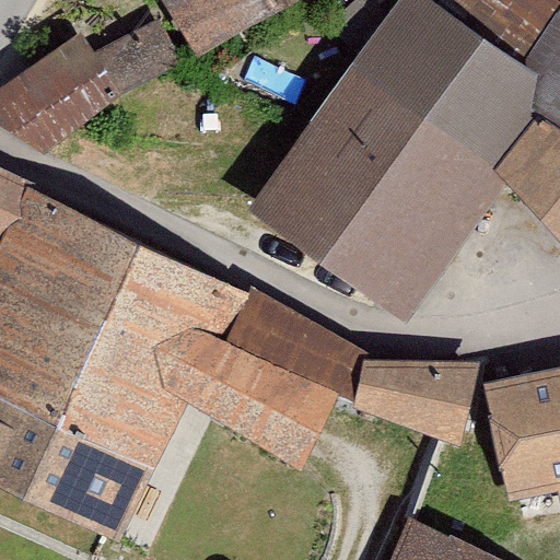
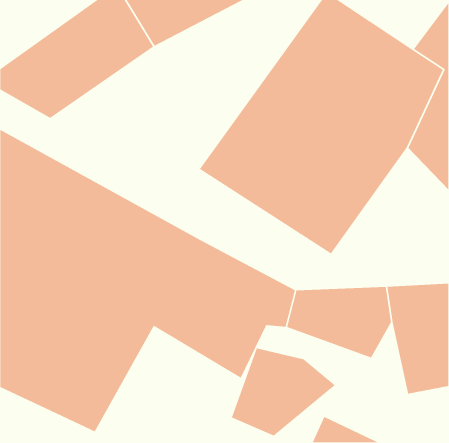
building: none -> [231,348,336,436]

